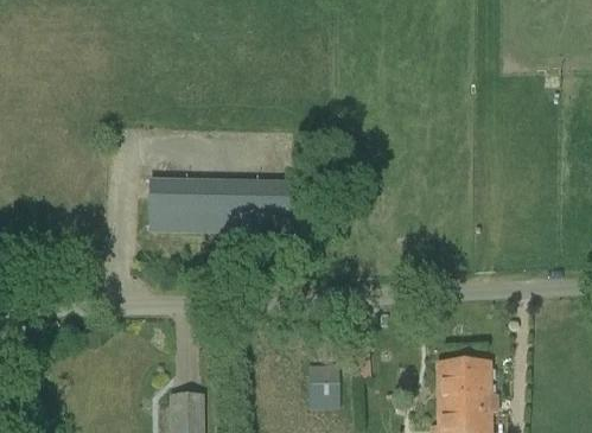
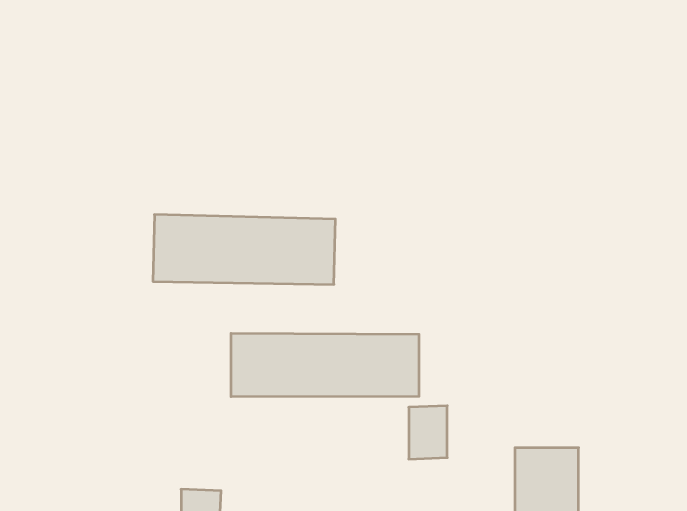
building: none -> [231,333,419,397]
building: [308,365,339,408] -> [409,406,447,459]

